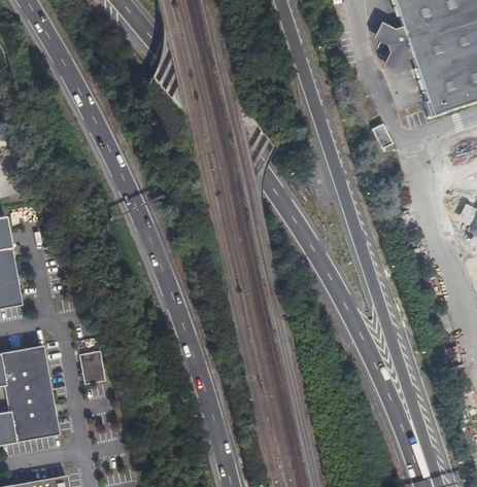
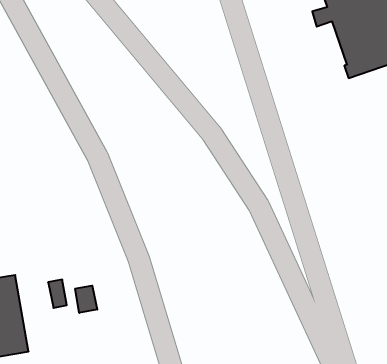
building: none -> [75,286,97,313]

